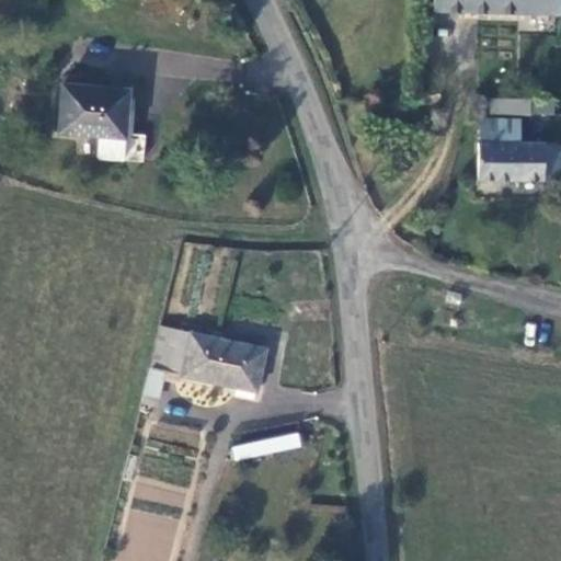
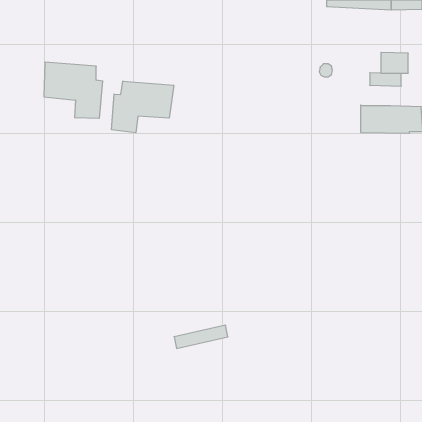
building: none -> [112,81,174,133]
building: [482,114,518,141] -> [381,52,408,73]
building: [146,323,267,396] -> none

